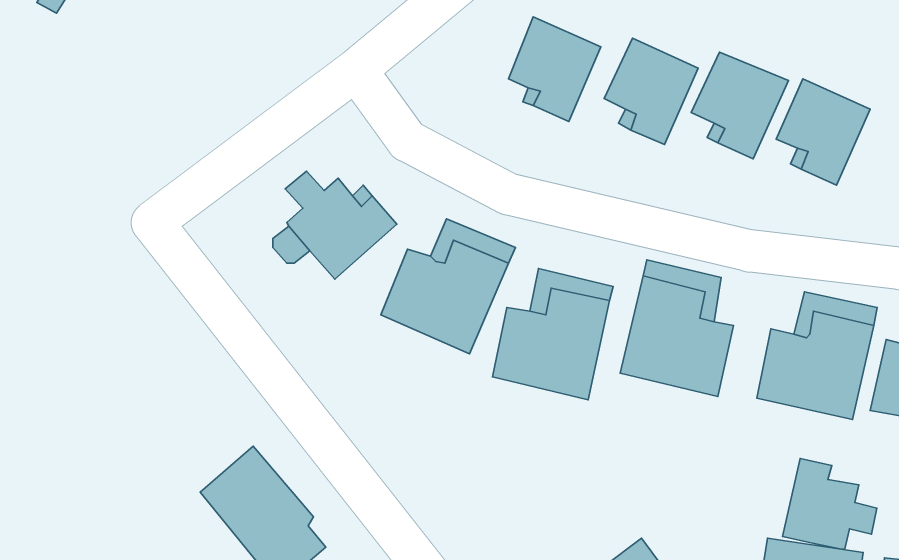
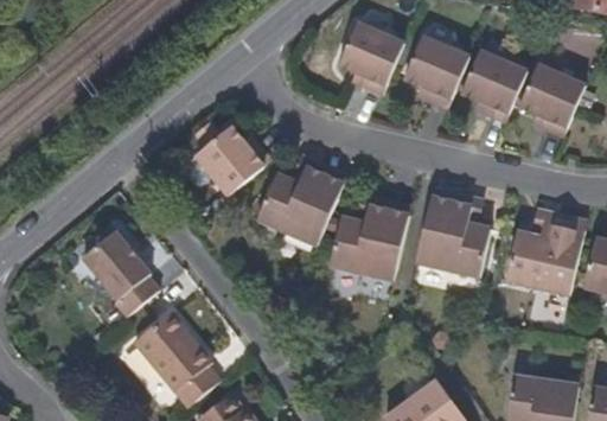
building: none -> [79,229,156,315]
building: [783,458,877,549] -> none

